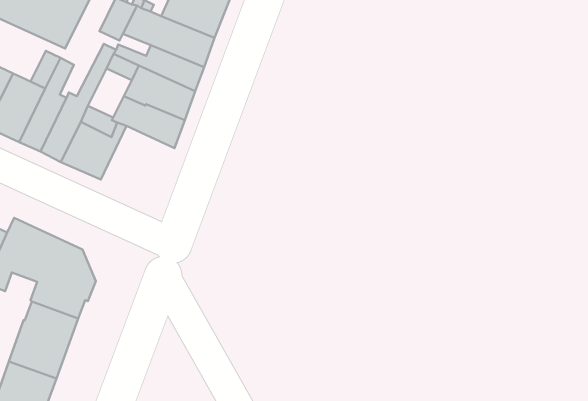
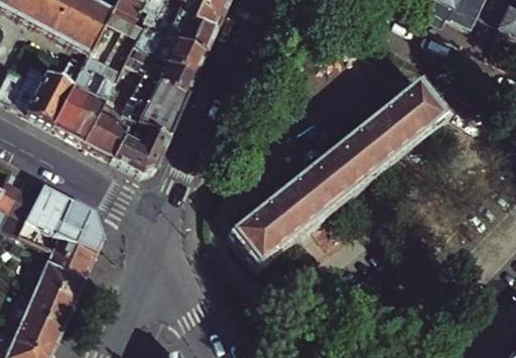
building: none -> [234,86,439,261]
building: none -> [113,116,171,172]

